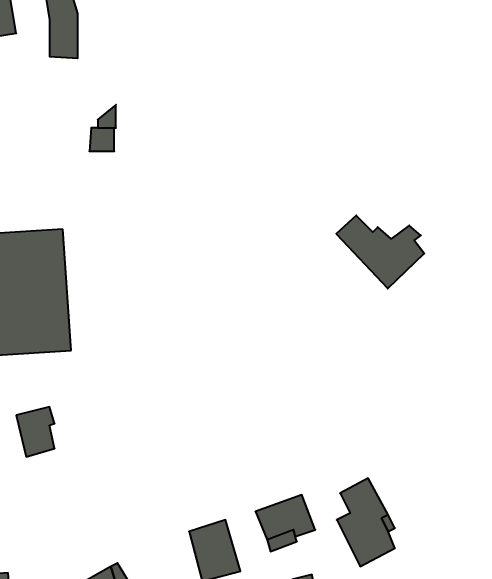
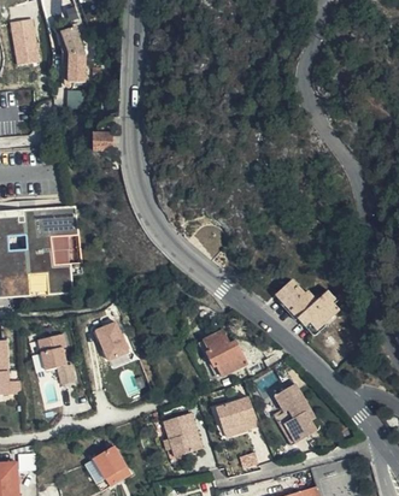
building: [336,215,424,289] -> [281,281,345,333]
building: none -> [95,321,128,360]
building: none -> [203,329,243,373]

